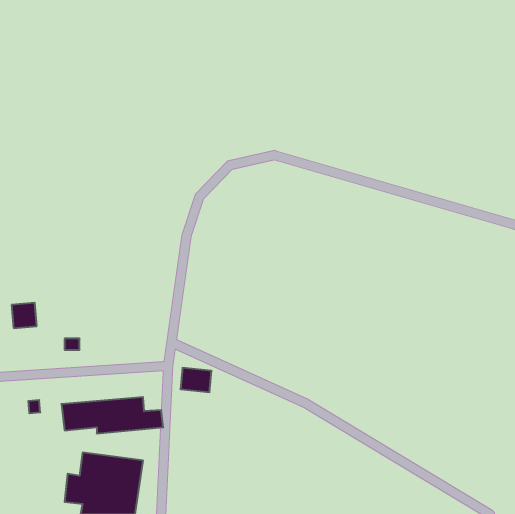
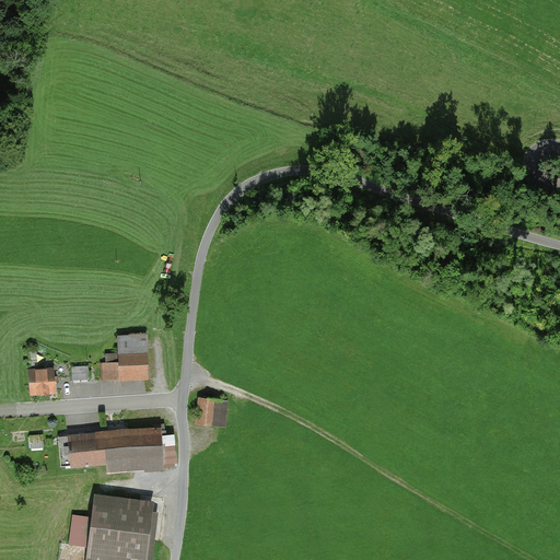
building: [12,303,37,328] -> [27,369,55,396]
building: none -> [104,335,147,378]

